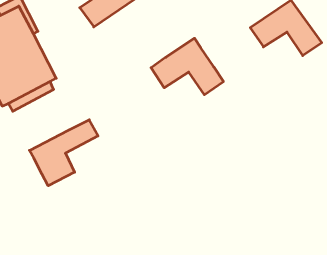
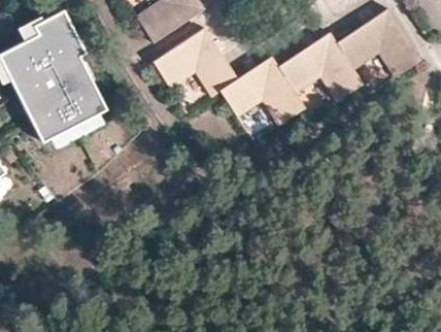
building: none -> [149,32,237,99]
building: none -> [278,37,363,102]
building: [29,120,98,186] -> none

